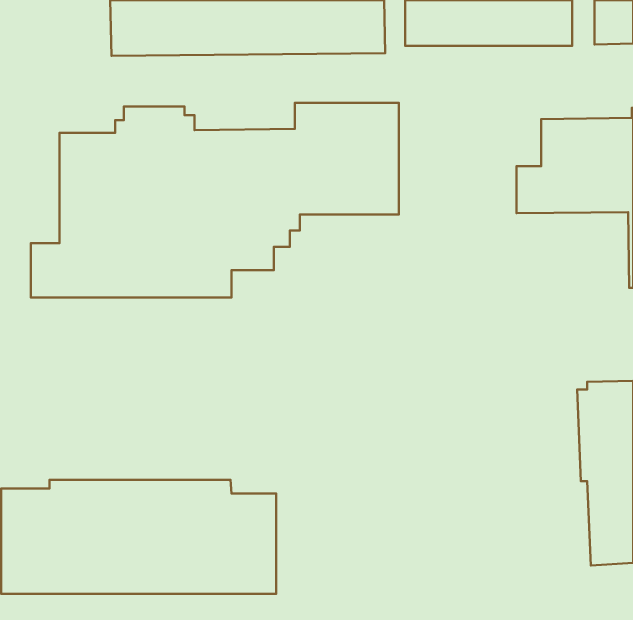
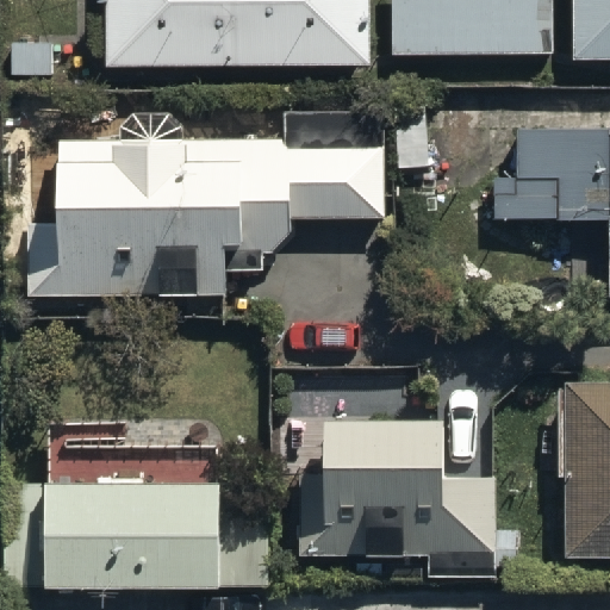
building: none -> [297,402,496,578]

